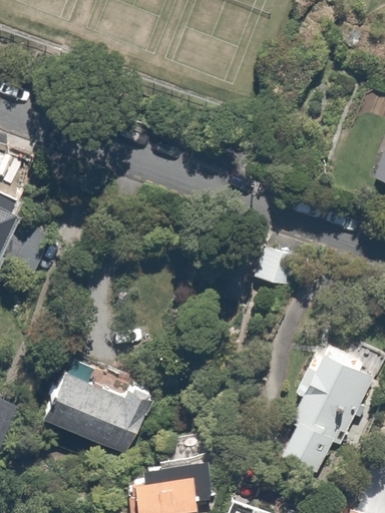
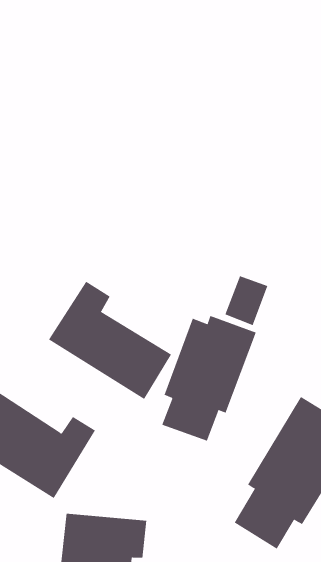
building: none -> [48,281,172,400]
building: none -> [161,315,257,442]

